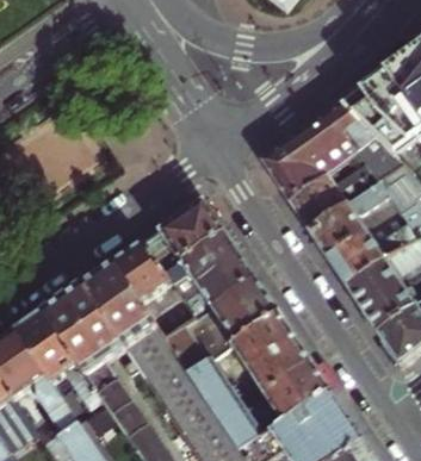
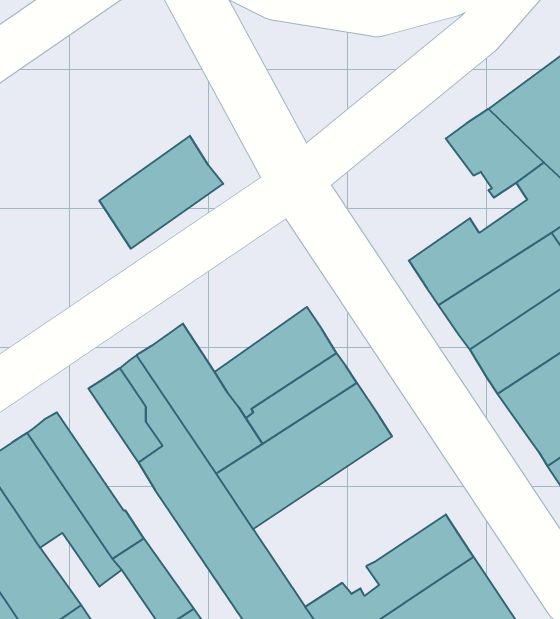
building: [260,122,342,200] -> none
building: [142,199,222,272] -> [99,136,223,249]
building: [61,282,124,361] -> none
building: [187,313,311,423] -> none

